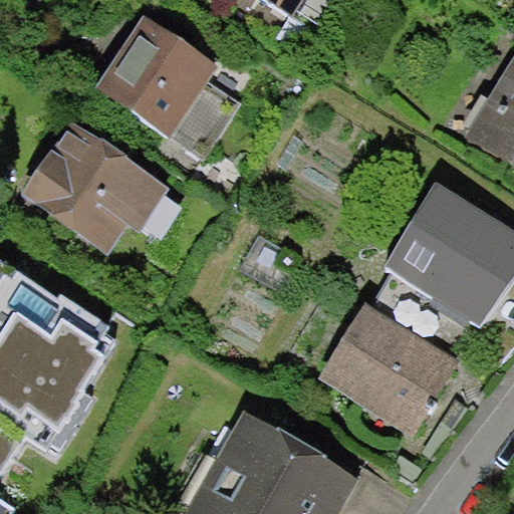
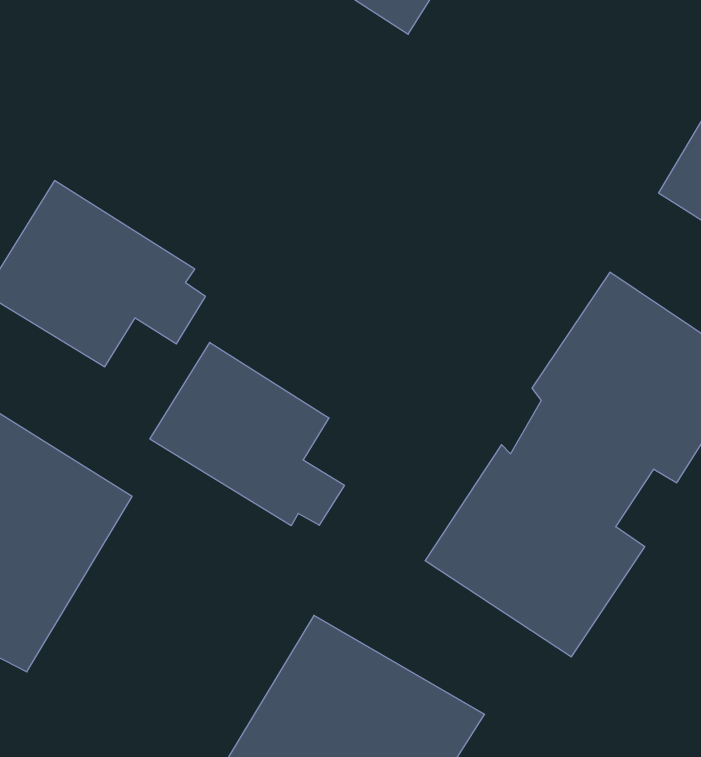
building: [102,21,236,155] -> none
building: none -> [150,342,344,526]

